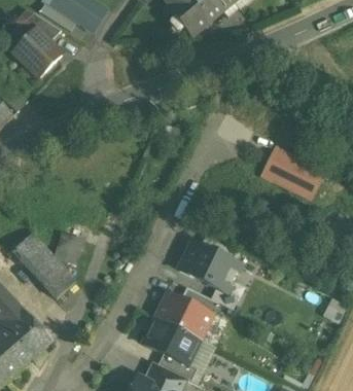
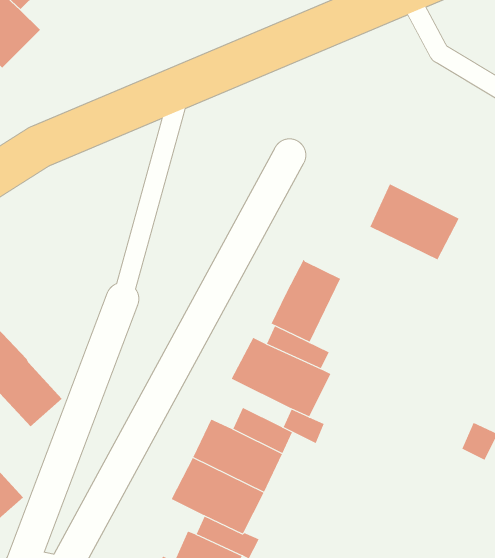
building: none -> [271,259,341,343]
building: [54,232,83,264] -> none

